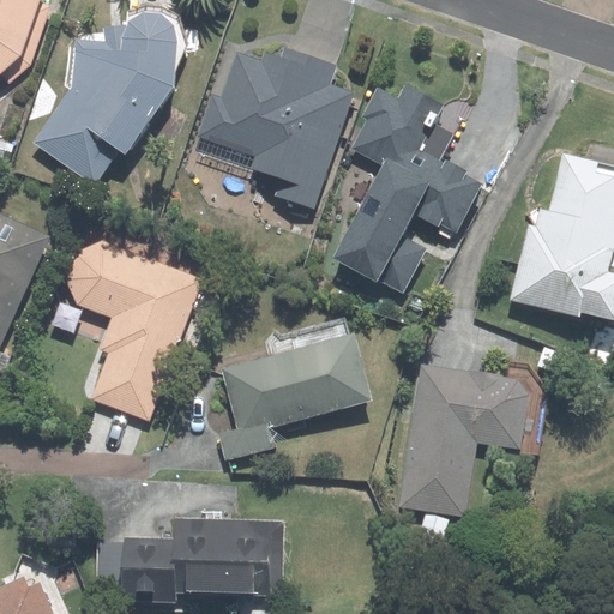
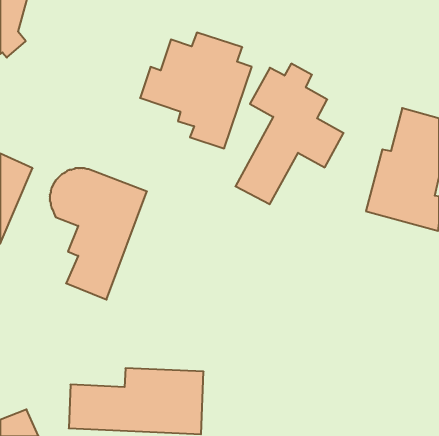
building: [35,12,176,187] -> none
building: [219,333,368,458] -> none
building: [403,366,550,514] -> none

